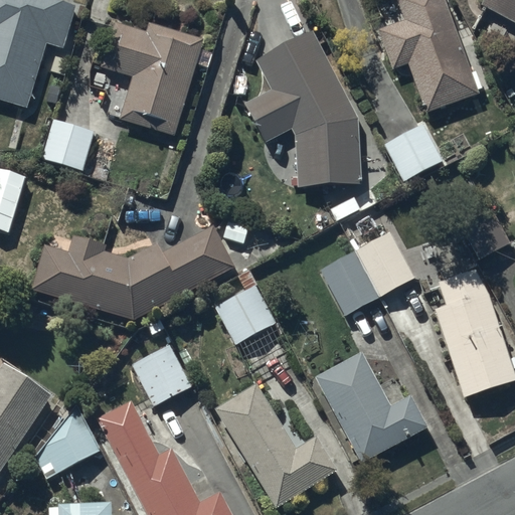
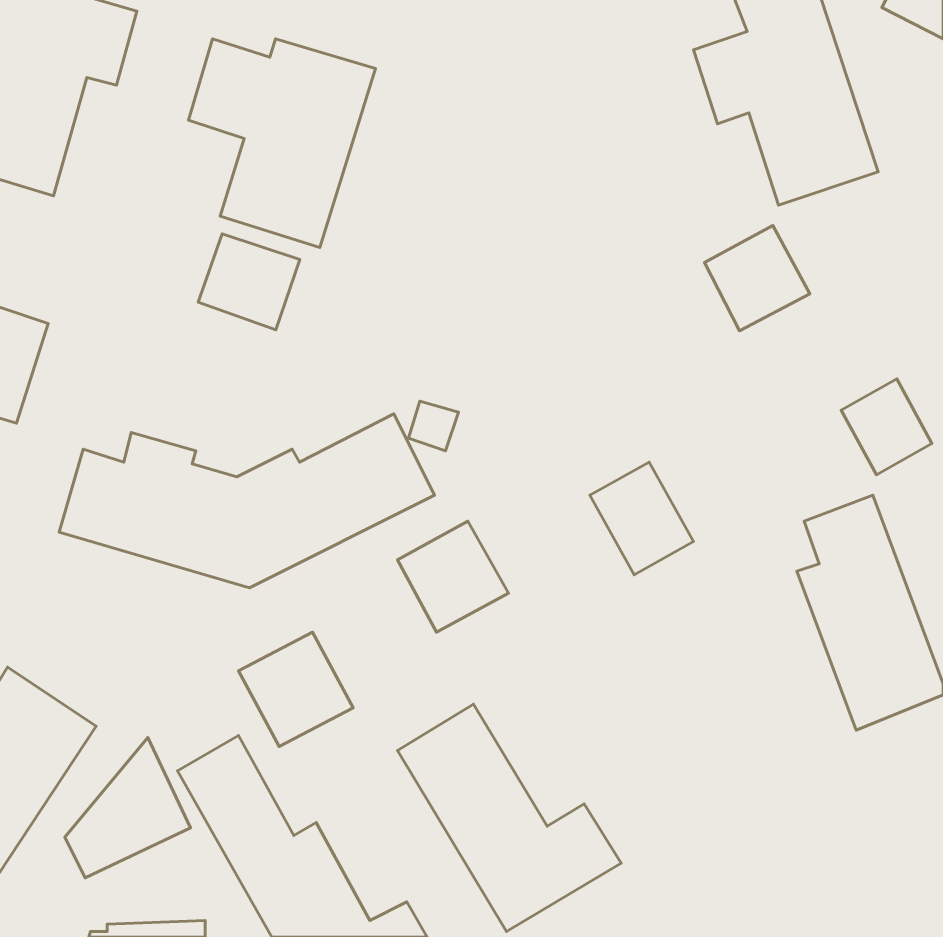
building: [245,31,359,186] -> none
building: [42,120,98,172] -> [198,234,300,330]
building: [353,232,412,295] -> none
building: [318,356,427,462] -> none

